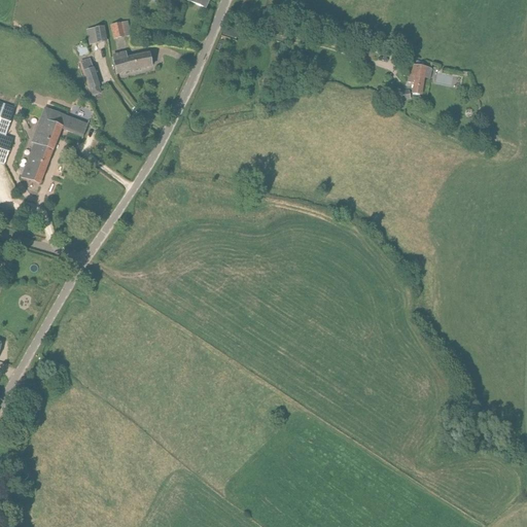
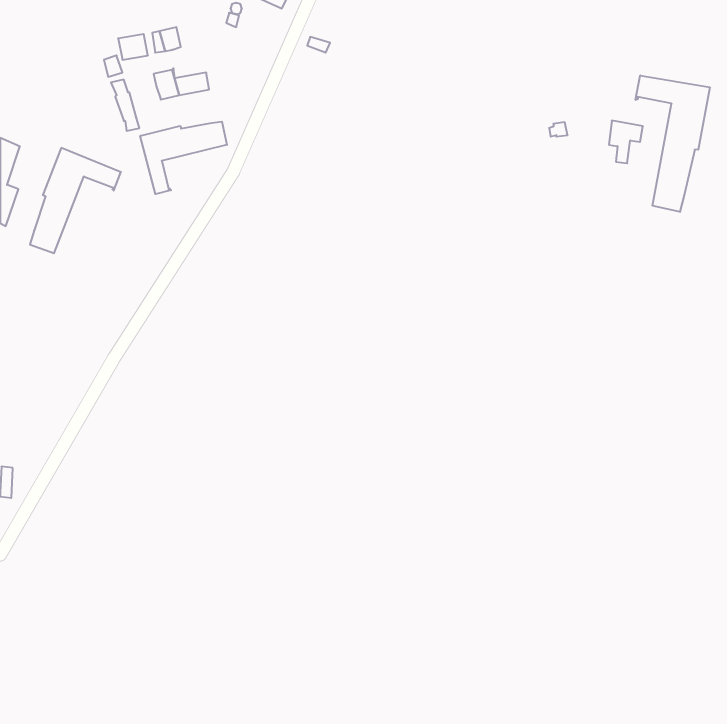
building: none -> [636,75,710,212]
building: [407,63,431,94] -> [609,121,643,163]
building: none -> [140,122,227,194]

